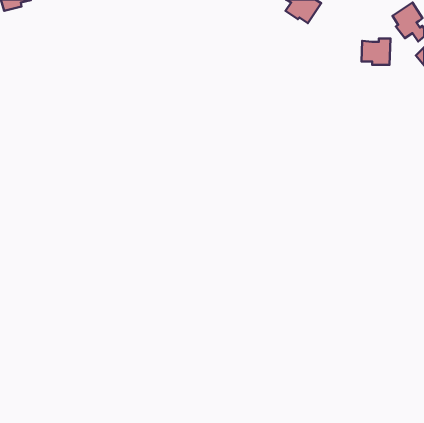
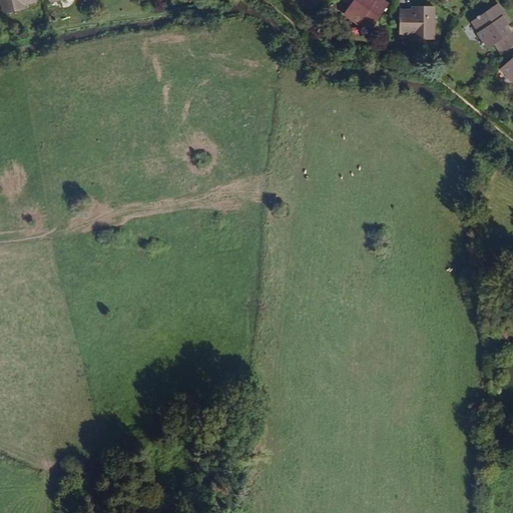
building: [361,38,390,65] -> [400,6,435,38]

